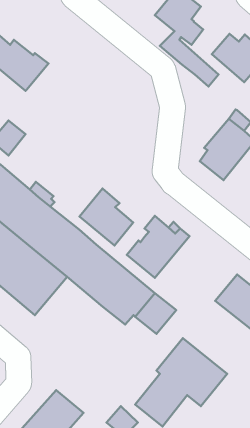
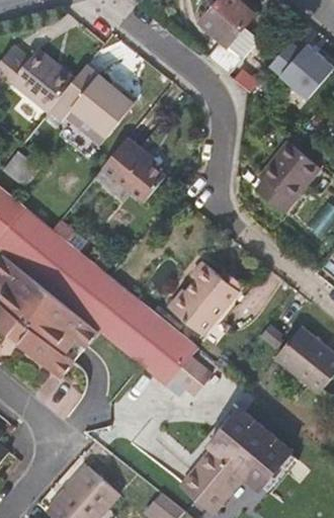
building: none -> [49,65,137,150]
building: [80,189,133,246] -> [100,137,164,204]

